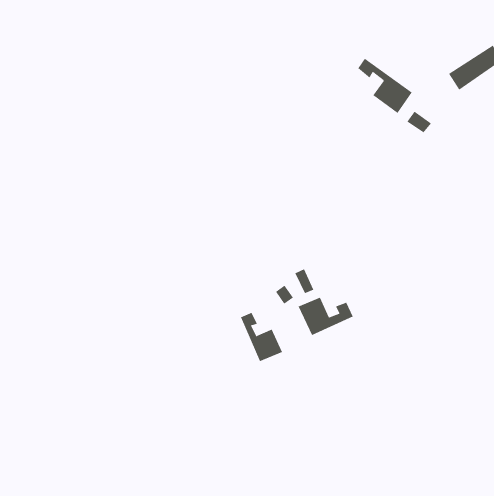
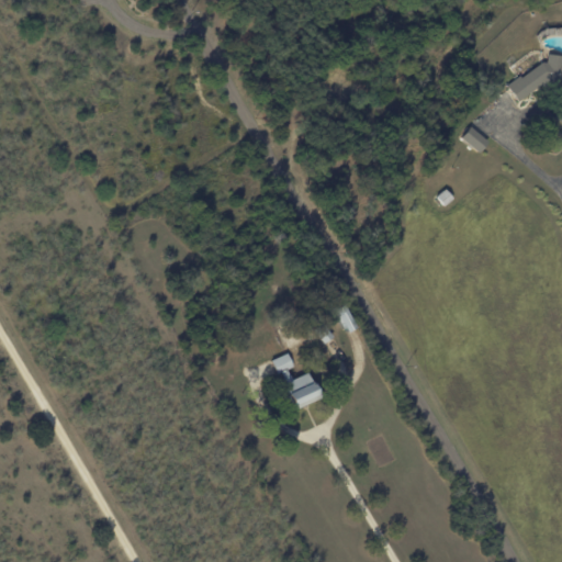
building: [357,58,413,114] -> none
building: [298,297,354,336] -> none

